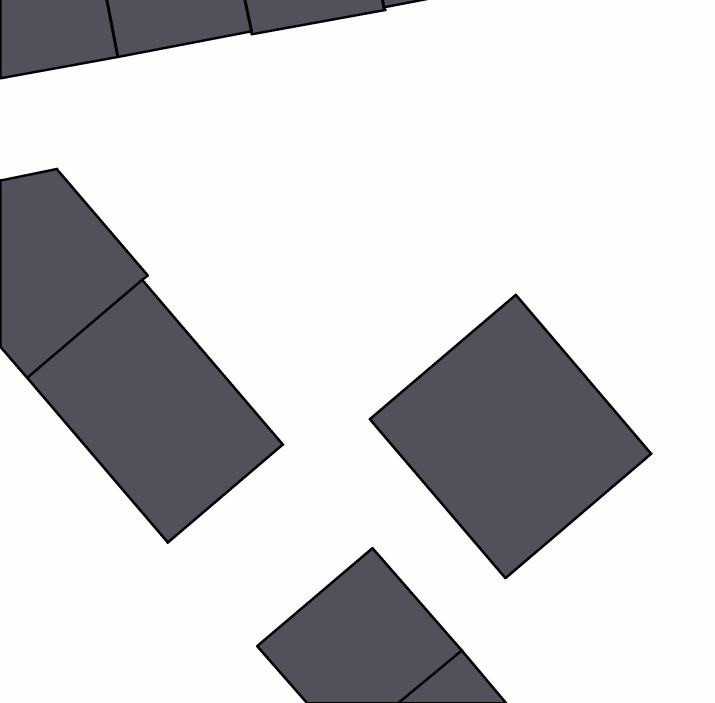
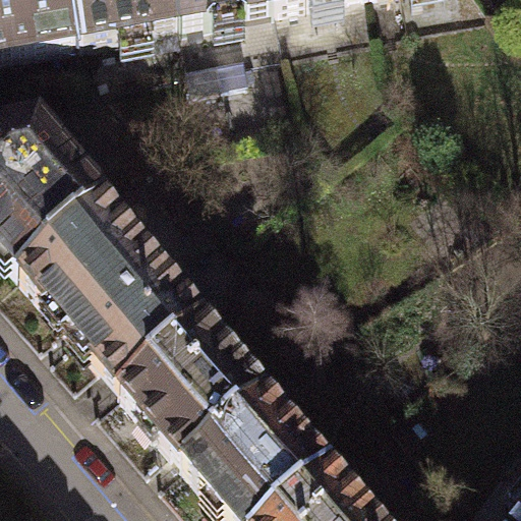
building: [370,295,651,578] -> none
building: none -> [128,319,275,463]

